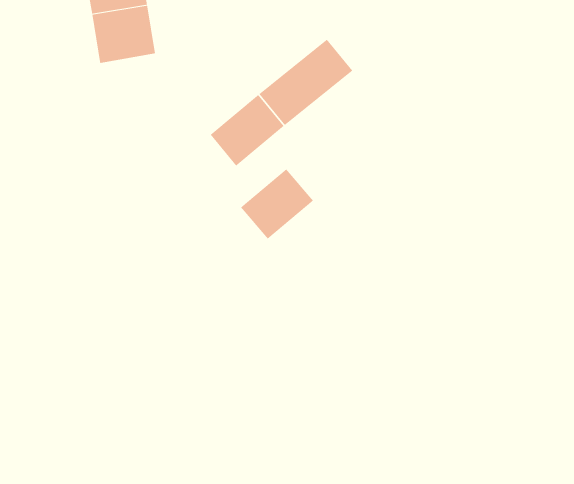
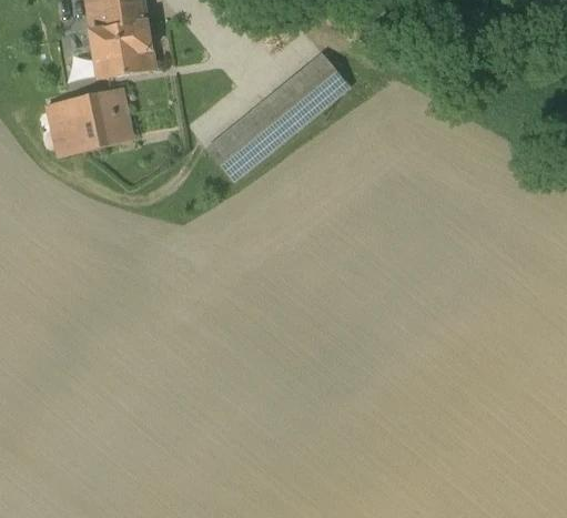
building: none -> [45,87,132,156]
building: [240,168,314,240] -> none

